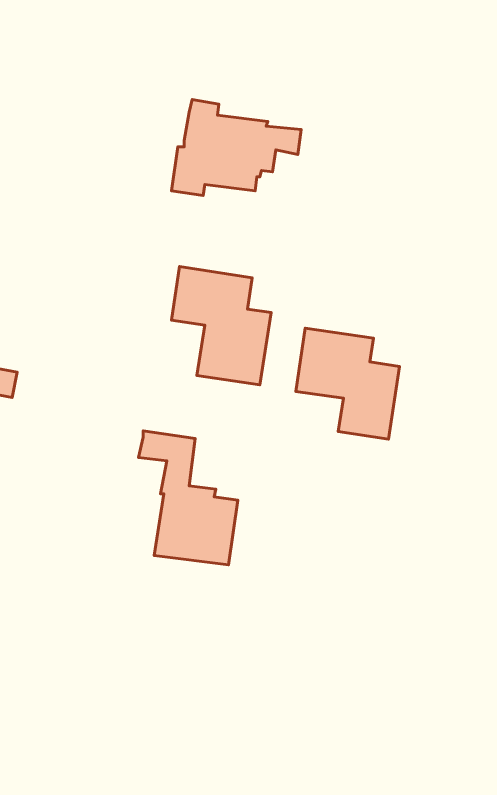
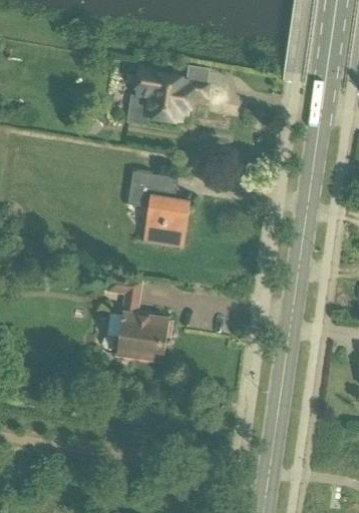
building: [296,328,399,439] -> none

